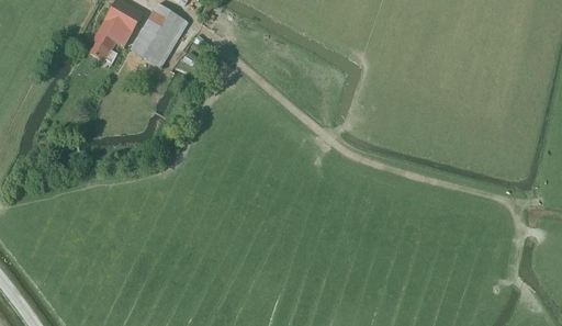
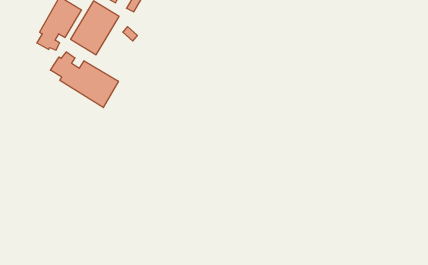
building: none -> [50,52,118,108]

